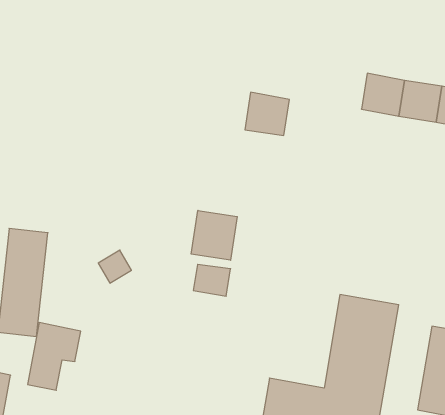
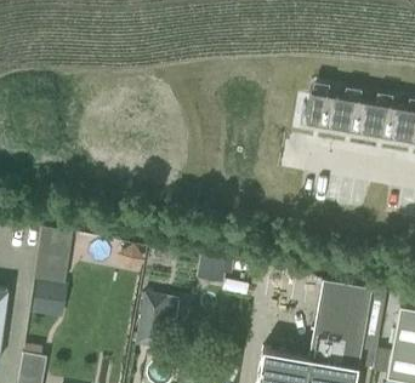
building: [245,92,289,135] -> [307,87,345,124]
building: [191,210,237,260] -> none
building: [28,323,81,390] -> [135,292,180,349]

